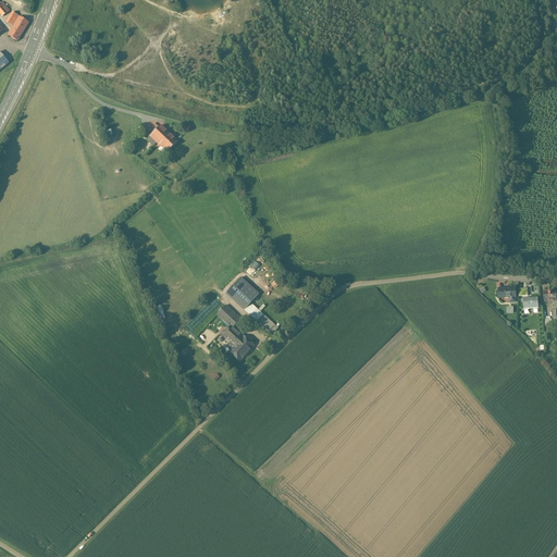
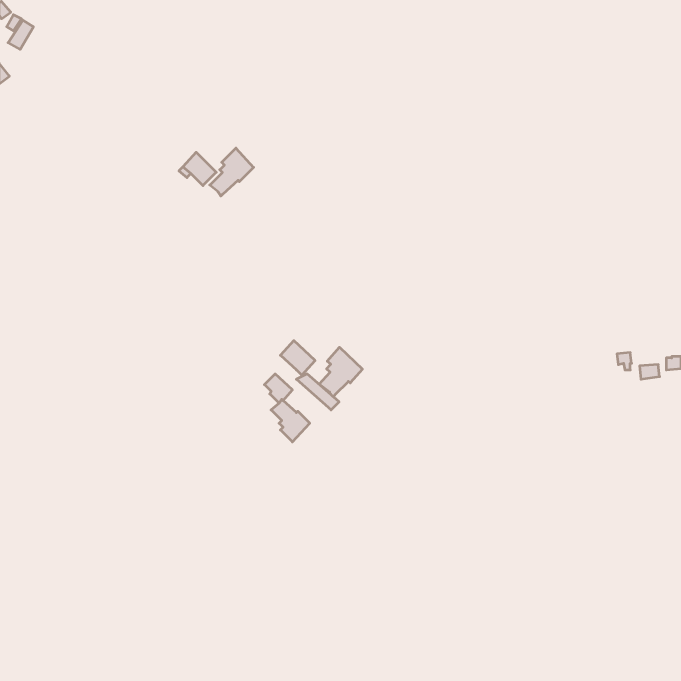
building: none -> [210,148,254,196]
building: none -> [319,347,362,397]

